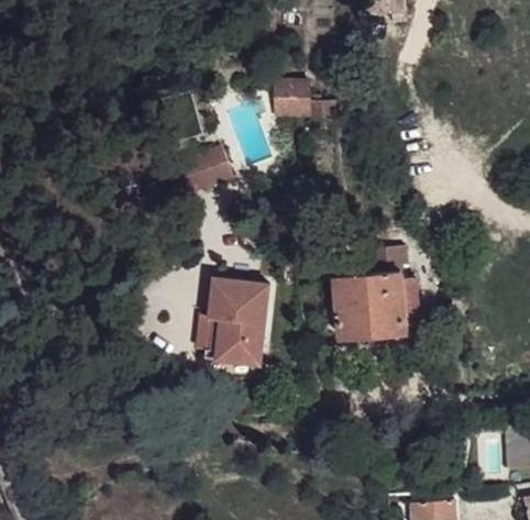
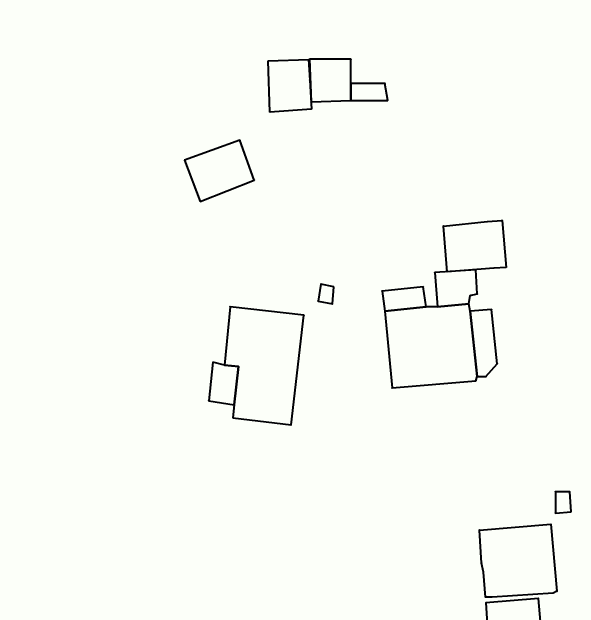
building: none -> [268,60,311,112]
building: none -> [443,220,506,272]
building: none -> [479,524,557,597]

